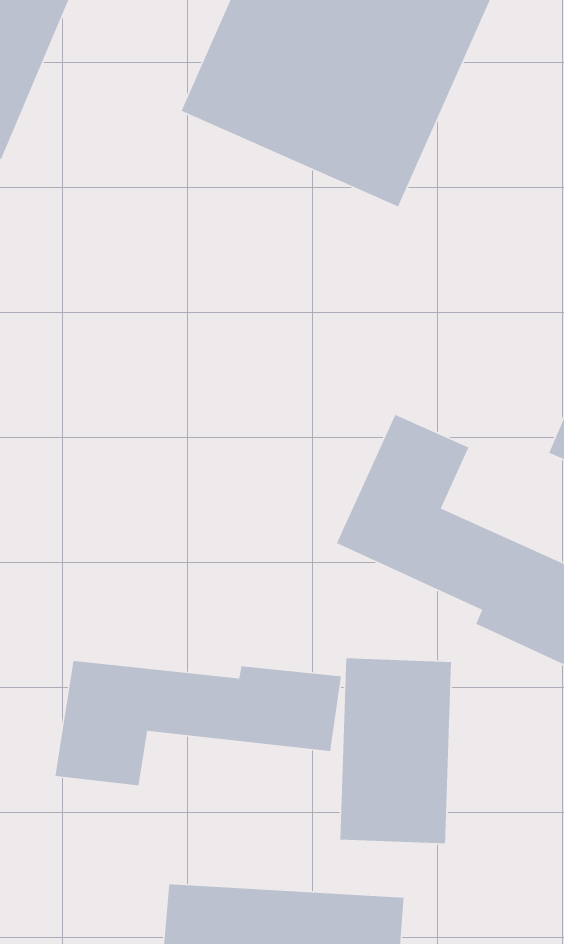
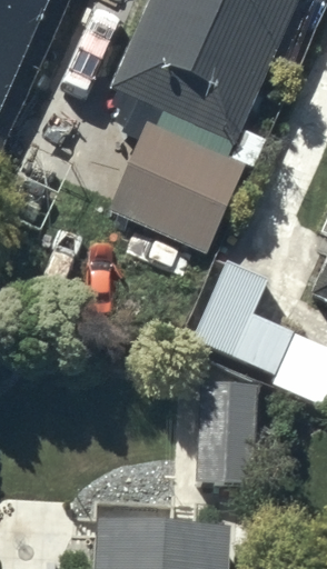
building: none -> [102,122,239,251]
building: [55,660,342,786] -> none

